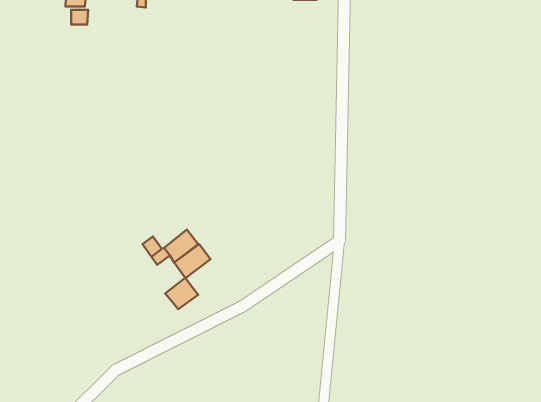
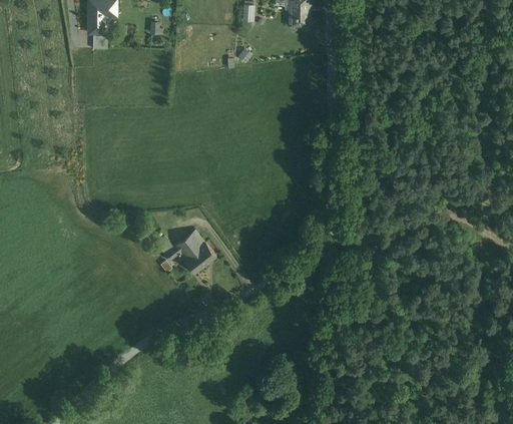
building: [165,278,198,309] -> none

